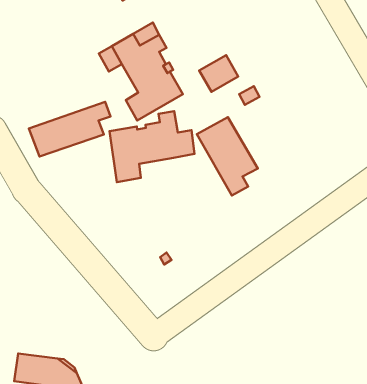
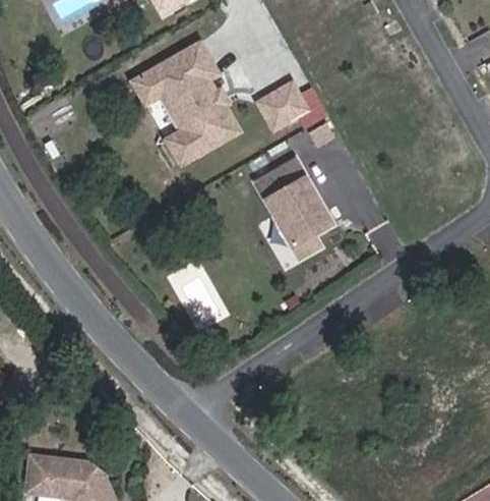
building: [29,102,111,156] -> none
building: [110,111,195,182] -> none

